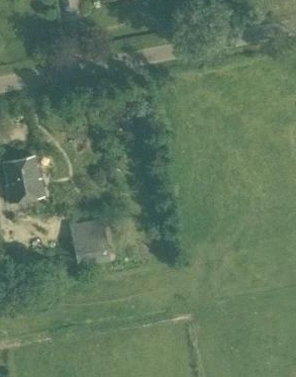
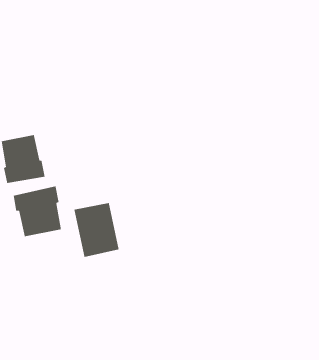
building: none -> [13,186,62,237]

